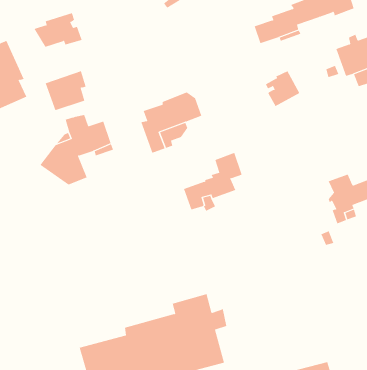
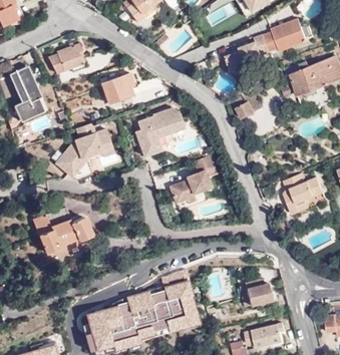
building: [45,70,86,111] -> [100,71,133,103]
building: none -> [33,207,92,252]
building: none -> [240,281,273,304]

